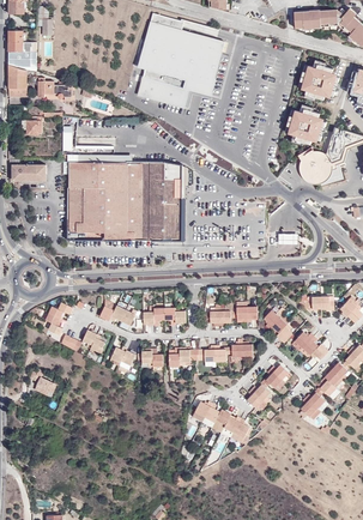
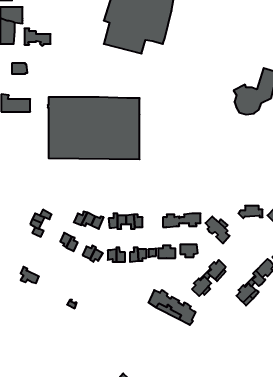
building: [302,62,339,95] -> none
building: [289,108,326,139] -> none
building: [292,331,329,359] -> none

